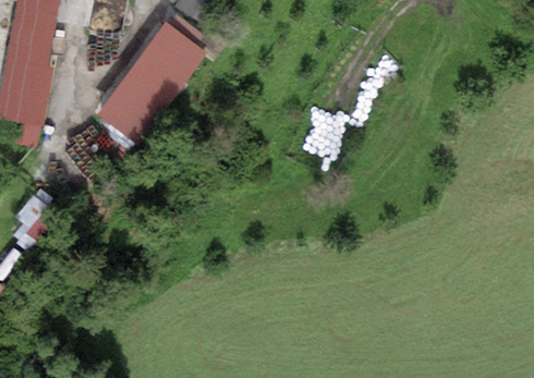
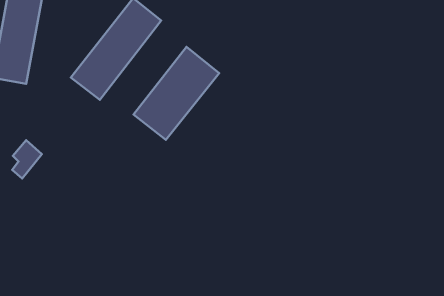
building: none -> [133,47,219,140]

